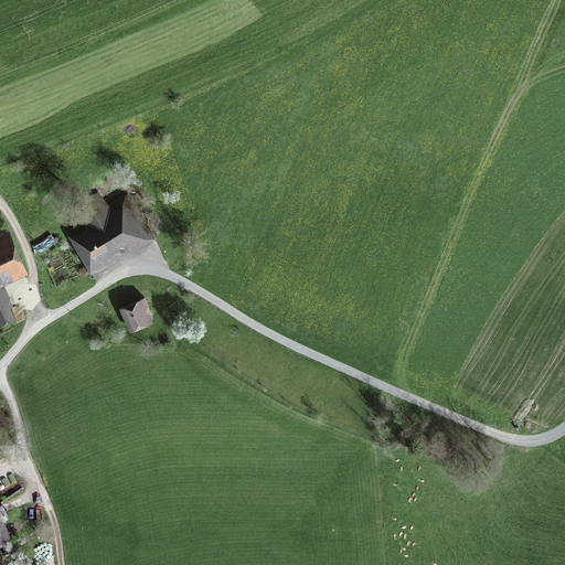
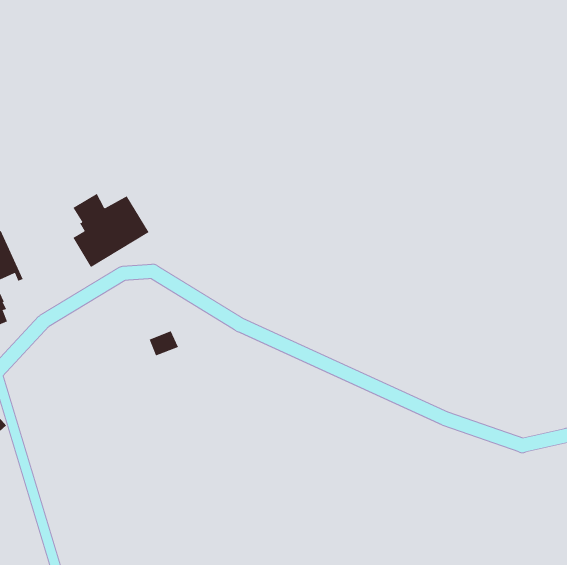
building: [121,306,151,331] -> [149,330,179,356]

